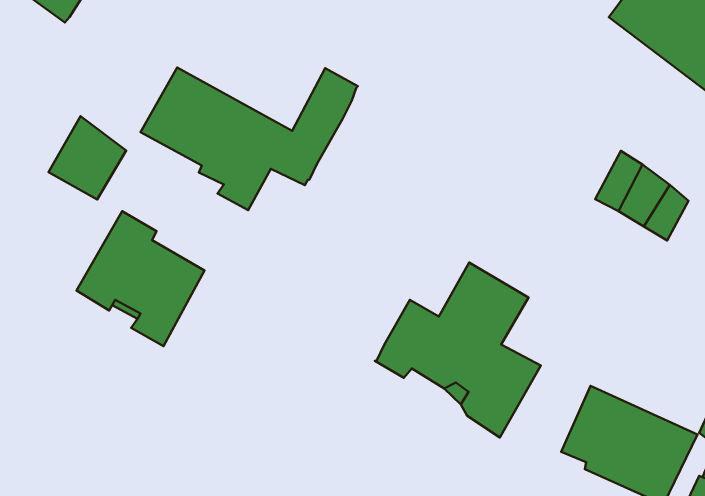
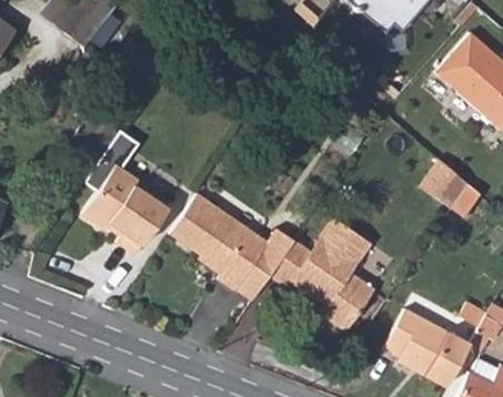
building: [141,67,358,210] -> [162,202,304,297]

